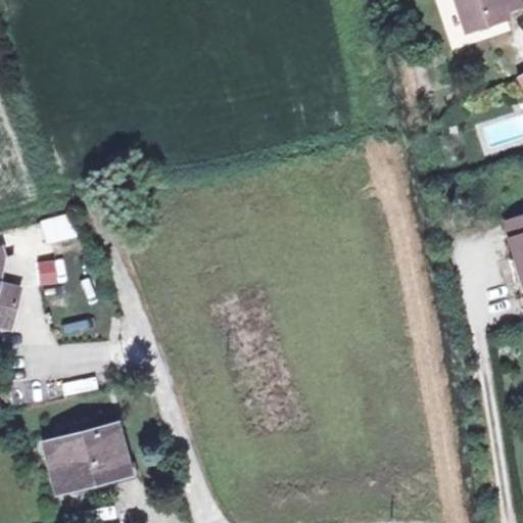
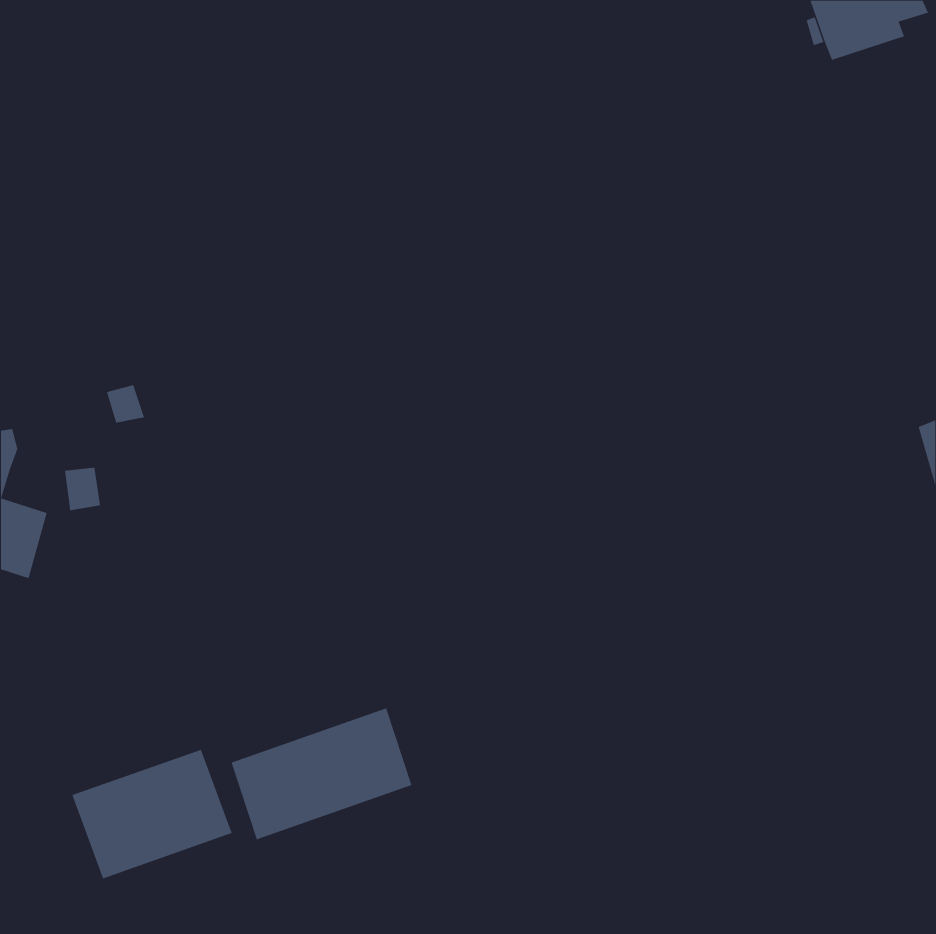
building: none -> [231,707,412,840]

